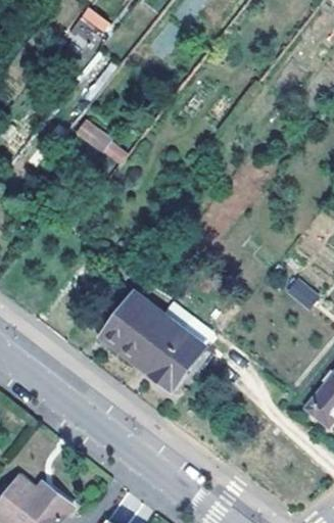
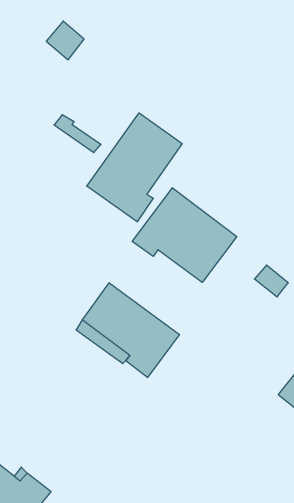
building: none -> [87,113,182,222]
building: none -> [132,188,237,282]

